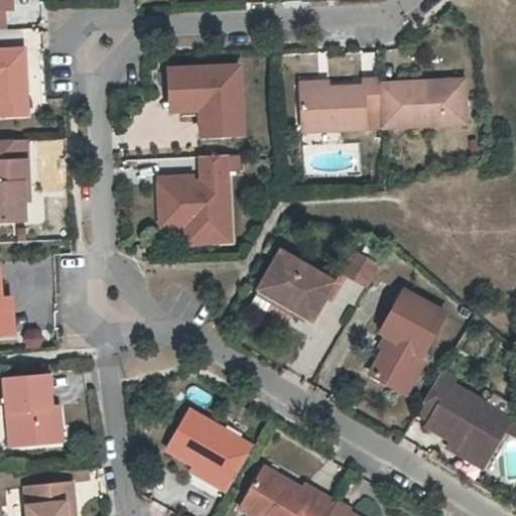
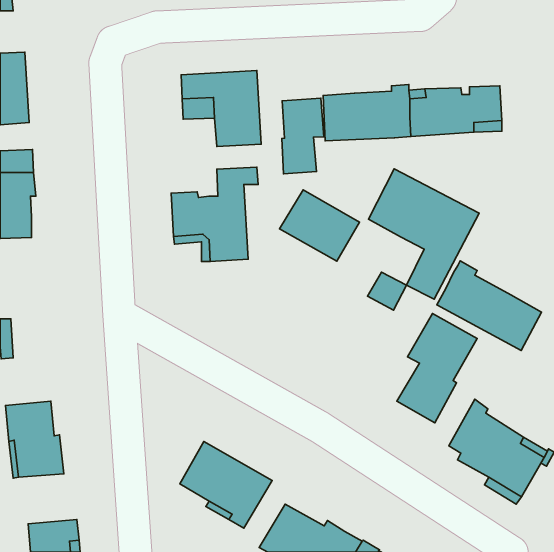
building: none -> [282,98,324,174]
building: none -> [368,169,479,299]
building: none -> [437,261,542,350]
building: [258,253,333,319] -> [279,190,360,261]

